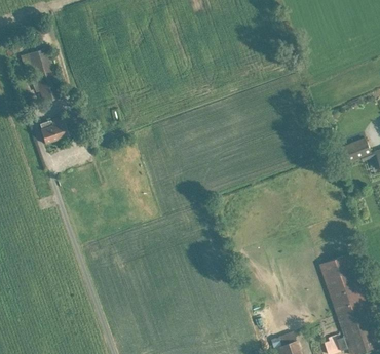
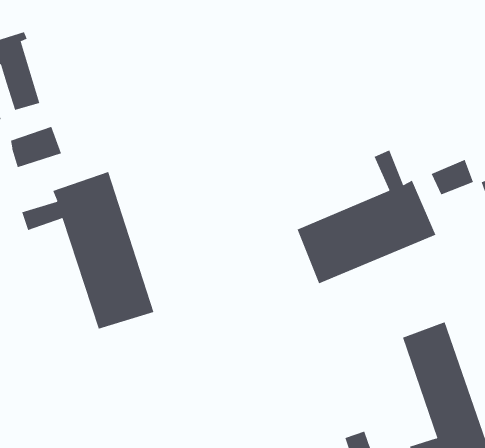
building: none -> [297,150,436,284]
building: none -> [21,171,154,330]

